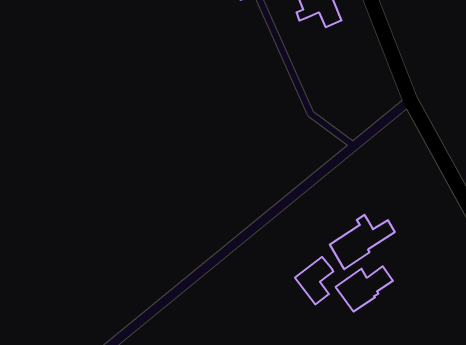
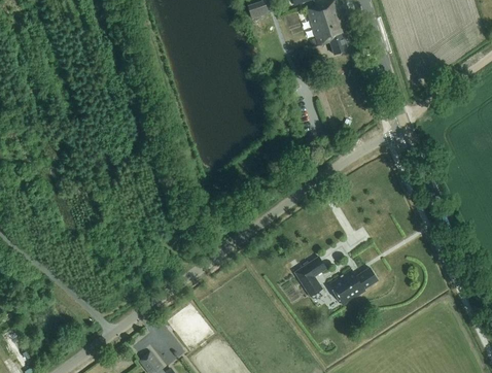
building: [330,215,395,269] -> none

